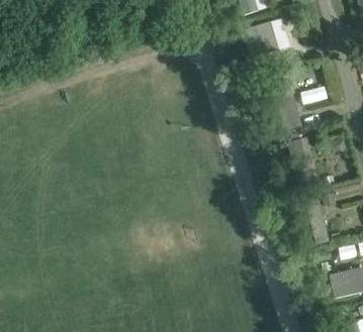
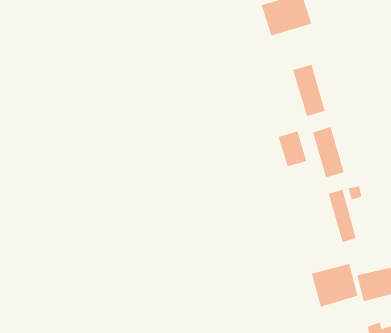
building: none -> [278,131,307,167]
building: none -> [311,263,358,307]

